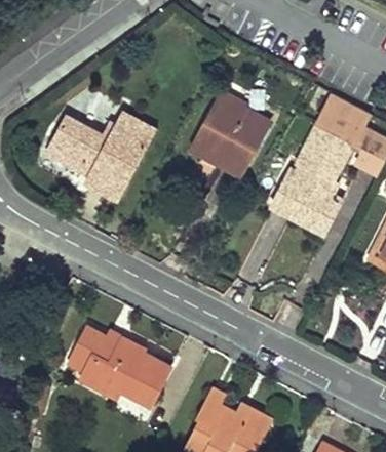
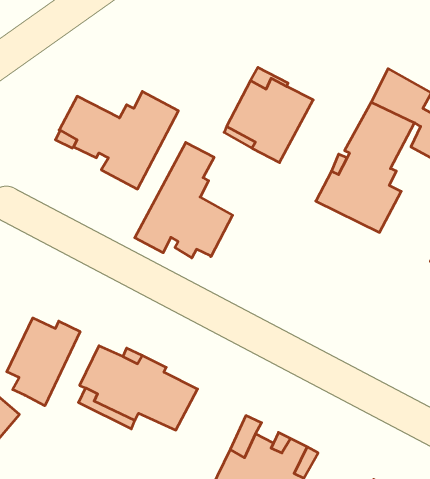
building: none -> [135,142,233,258]
building: none -> [7,318,80,406]

